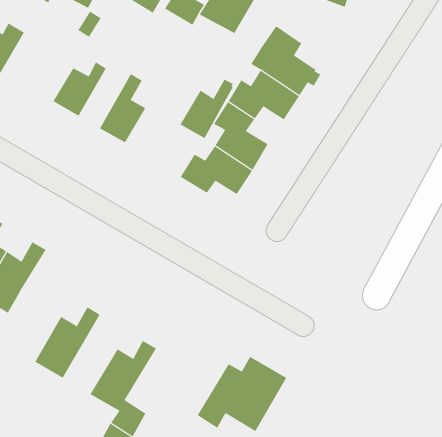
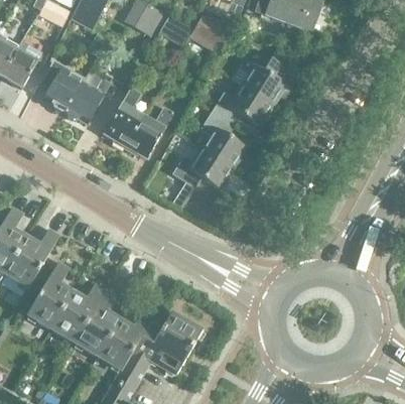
building: none -> [41,61,83,110]
building: [180,79,234,139] -> [127,107,172,157]
building: none -> [27,261,73,328]
building: none -> [75,289,120,356]
building: [197,356,287,432] -> [127,311,202,375]

